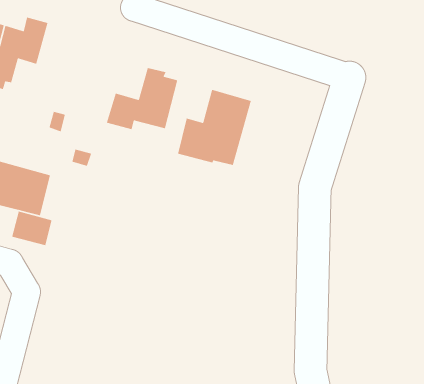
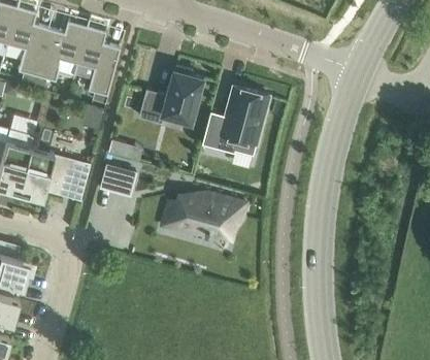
building: none -> [77,26,122,103]
building: none -> [165,194,249,238]
building: [11,211,53,246] -> [99,163,136,195]

